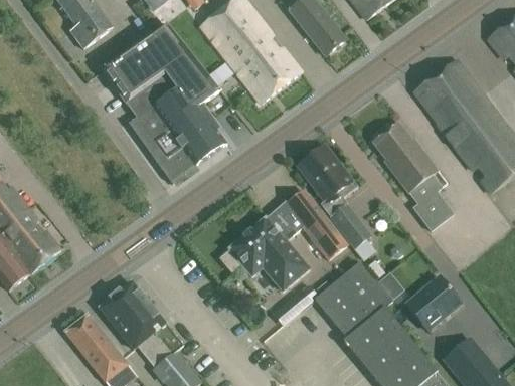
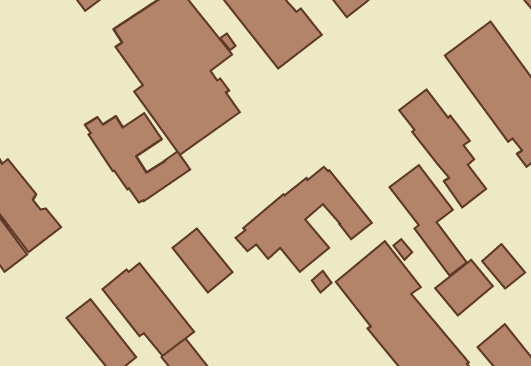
building: none -> [85,113,190,203]
building: [298,146,369,247] -> [389,165,467,276]
building: none -> [172,229,233,293]
building: none -> [482,244,525,289]

